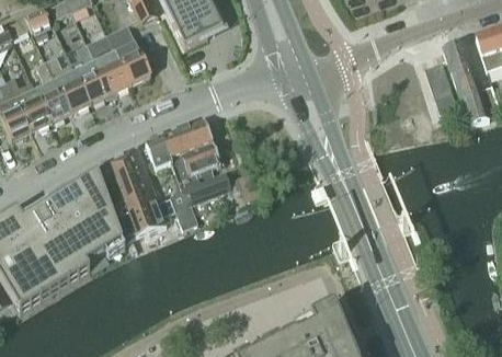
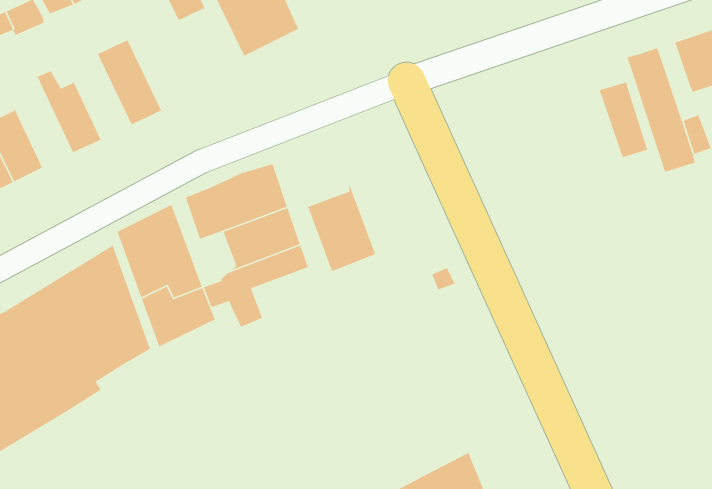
building: [107,23,150,81] -> none
building: [71,42,110,101] -> none
building: [34,58,70,119] -> none
building: none -> [307,180,376,272]

